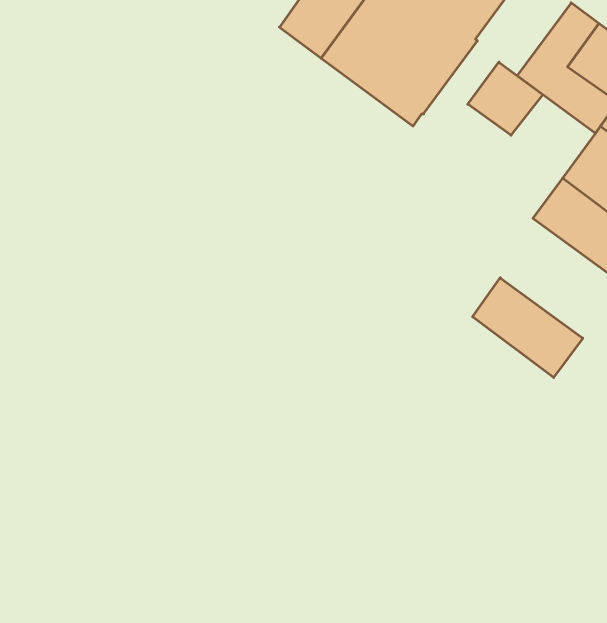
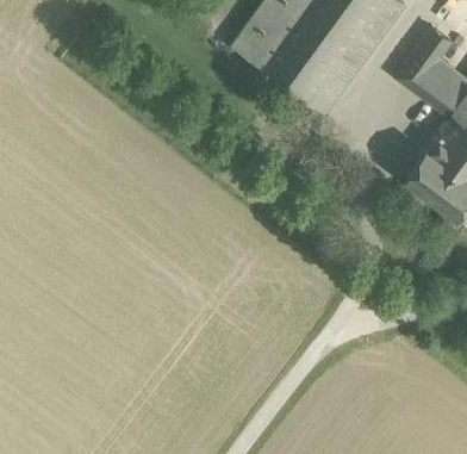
building: [468,62,543,135] -> none
building: [473,278,583,378] -> none

